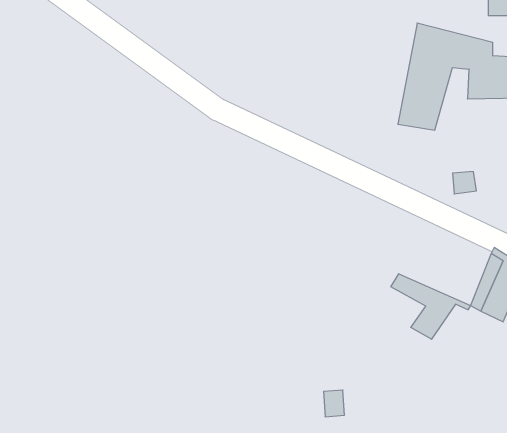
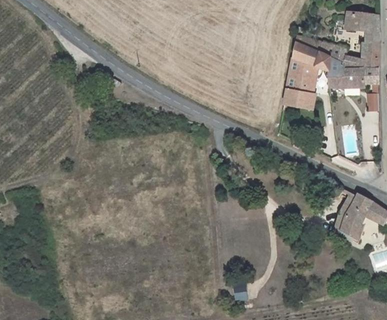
building: [391,274,470,339] -> none

